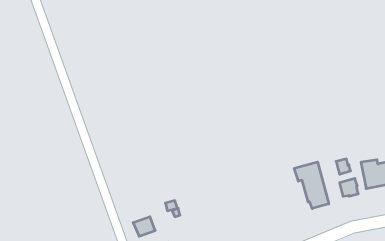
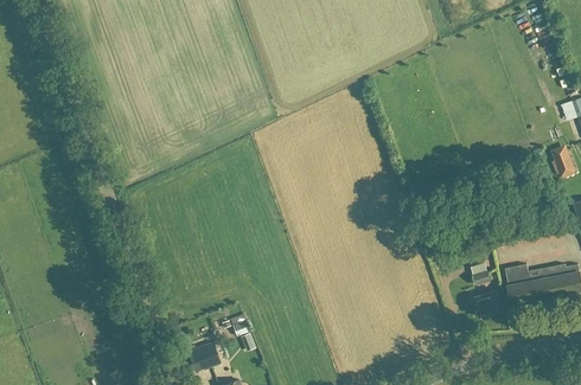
building: [294,162,329,209] -> none

